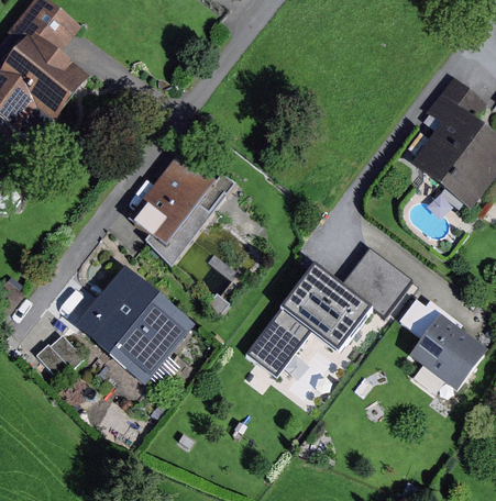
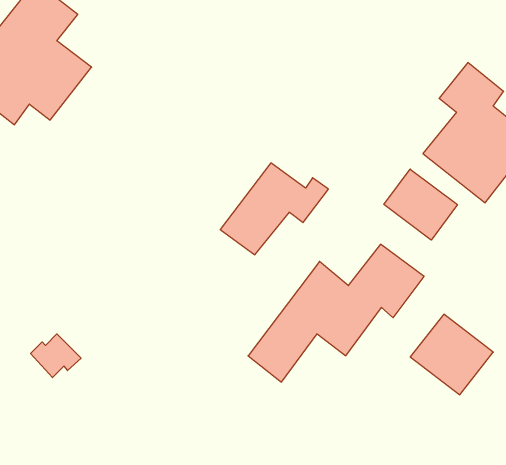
building: [132,159,235,247] -> [220,163,328,255]
building: none -> [384,169,457,240]
building: [77,264,196,388] -> none

